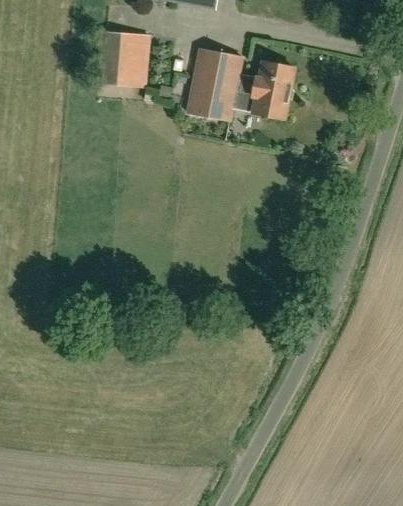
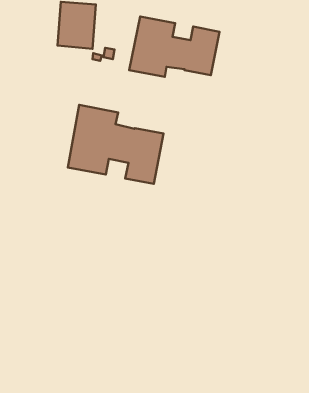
building: none -> [68,105,163,184]

